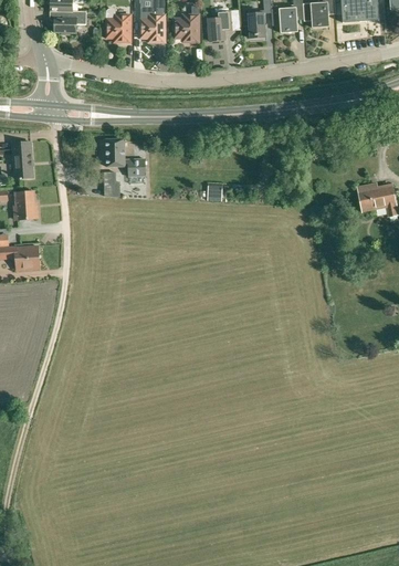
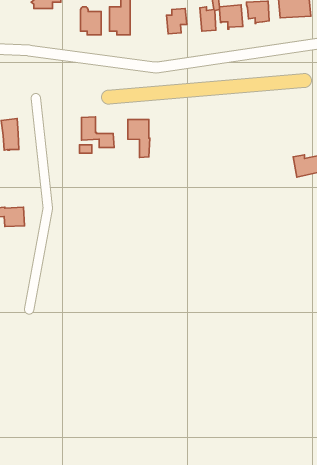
building: [54,11,86,34] -> none
building: [175,14,199,42] -> none
building: none -> [128,119,150,157]
building: [15,191,39,220] -> none

